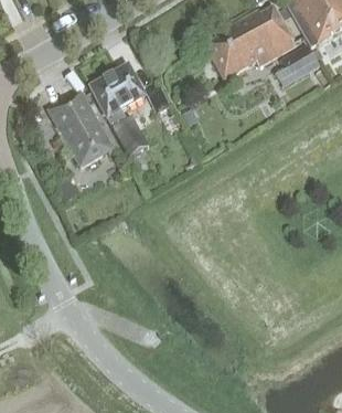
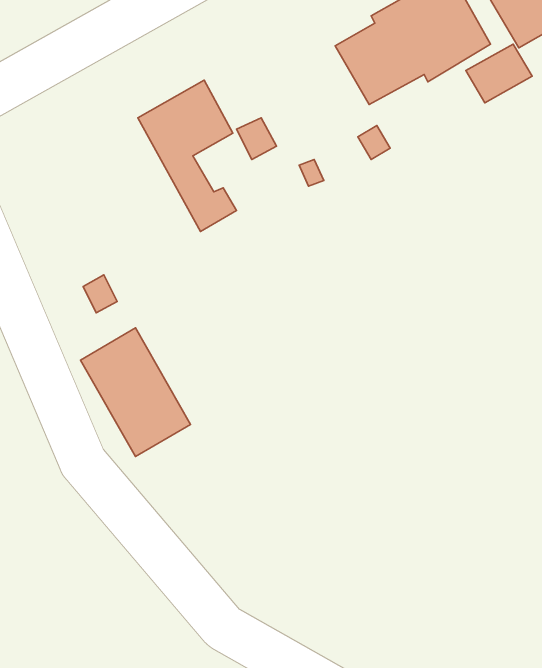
building: [49,92,113,167] -> [80,328,190,457]

